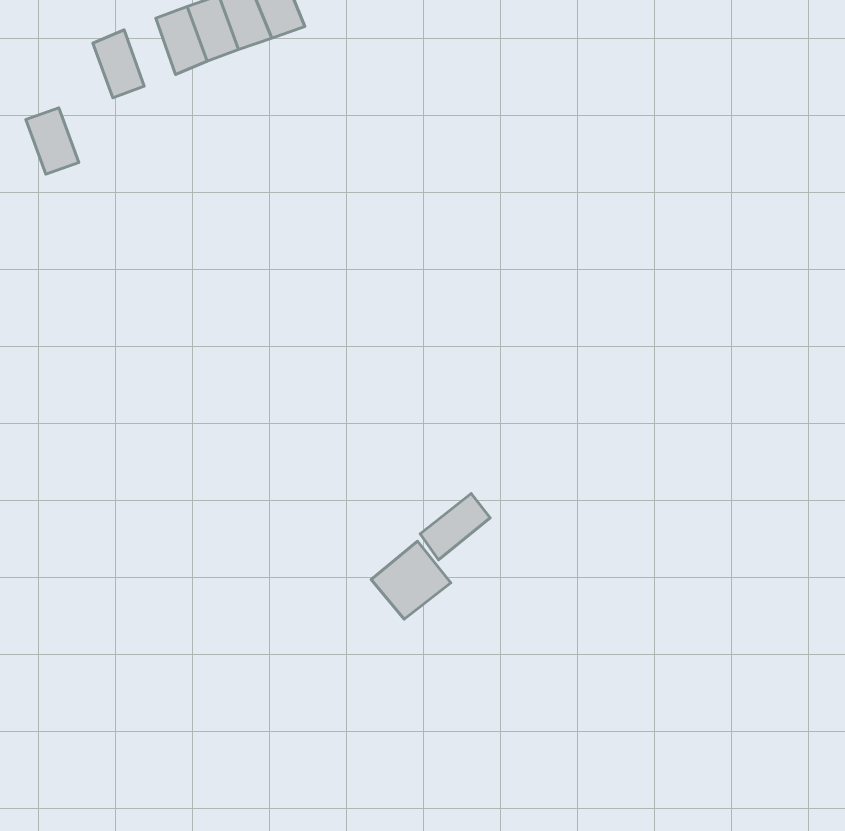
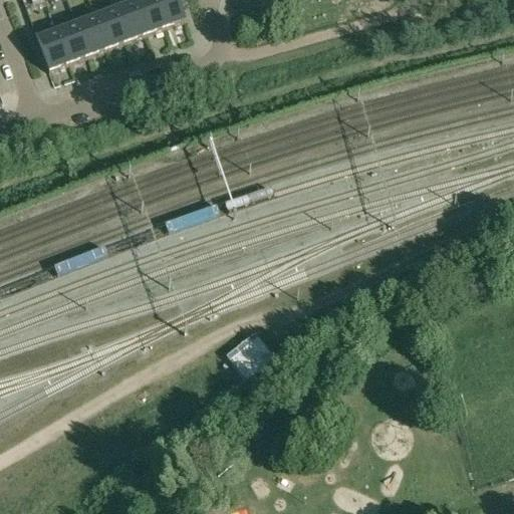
building: none -> [75,11,106,52]
building: [26,108,79,174] -> [36,26,68,66]
building: [420,493,490,560] -> none

